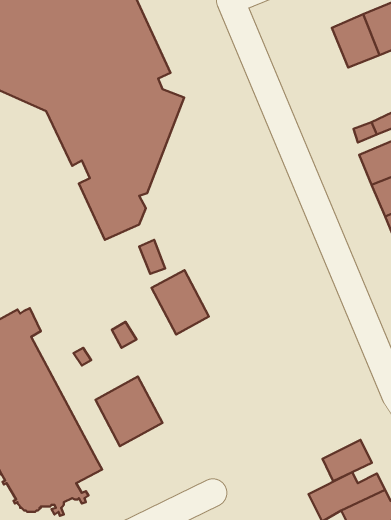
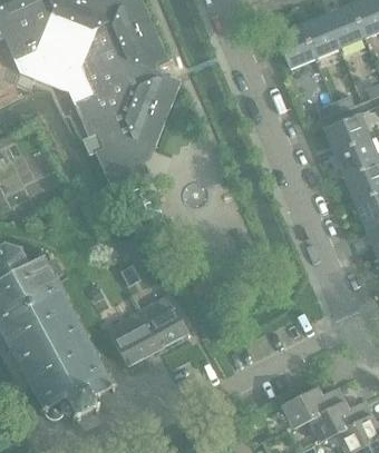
building: none -> [276,26,314,68]
building: [152,270,209,334] -> [143,295,190,347]
building: [322,440,372,481] -> none

